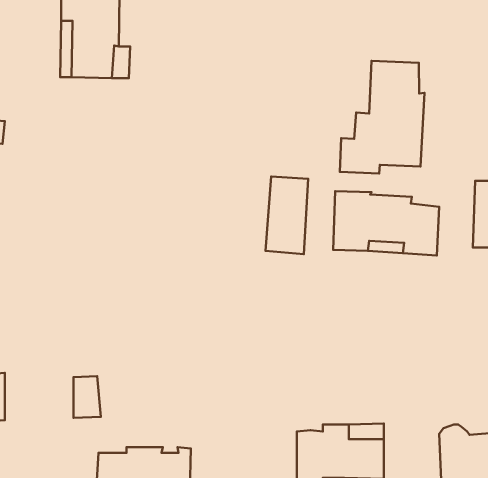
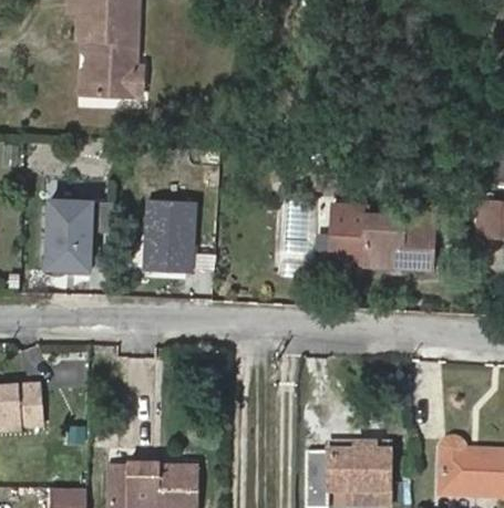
building: [340,61,424,173] -> none
building: none -> [142,198,191,270]
building: none -> [49,200,113,269]
building: [74,376,101,418] -> [19,390,45,431]

